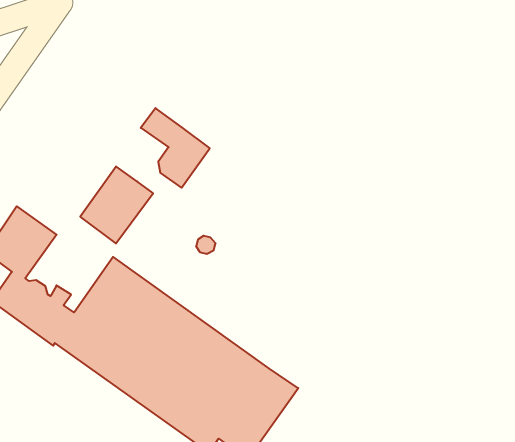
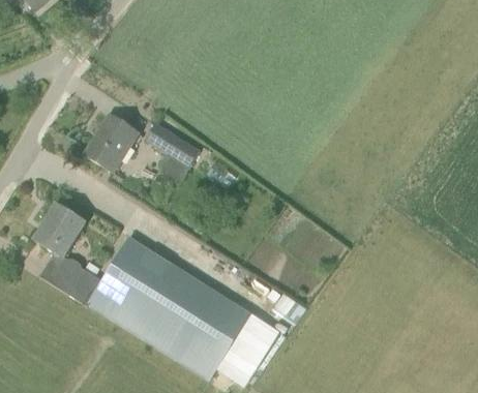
building: [80,166,153,243] -> [84,114,138,172]

